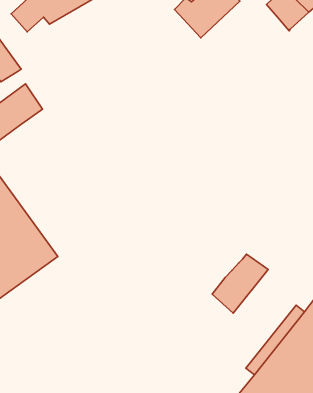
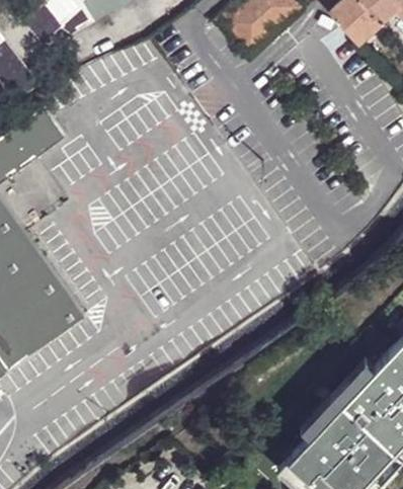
building: [212,254,268,313] -> none

